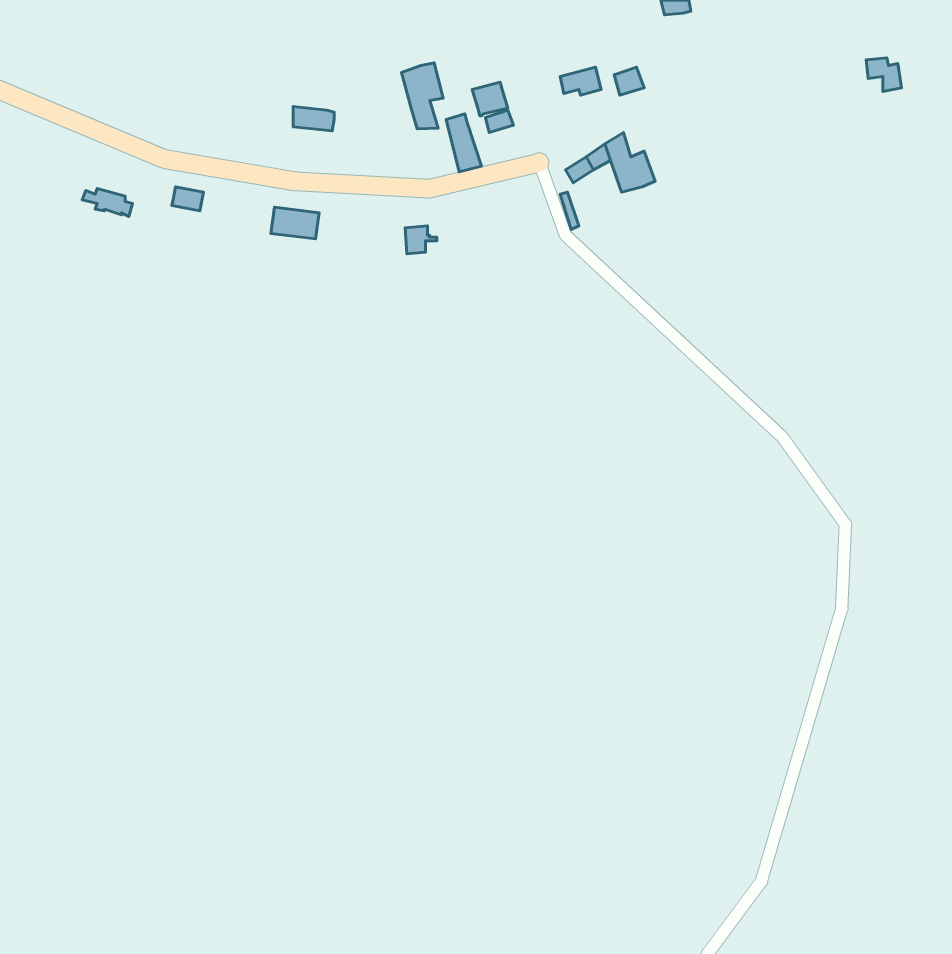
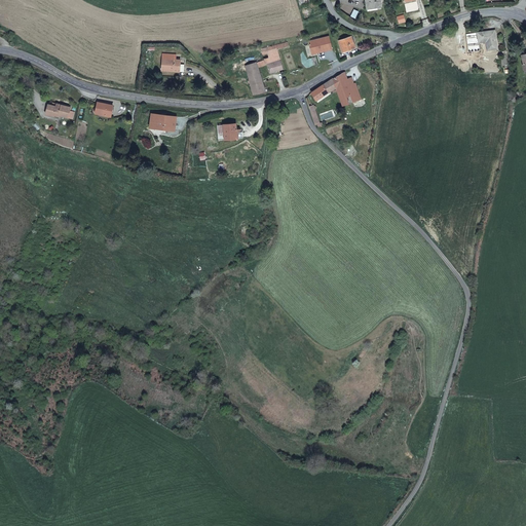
building: [402,63,443,129] -> none

